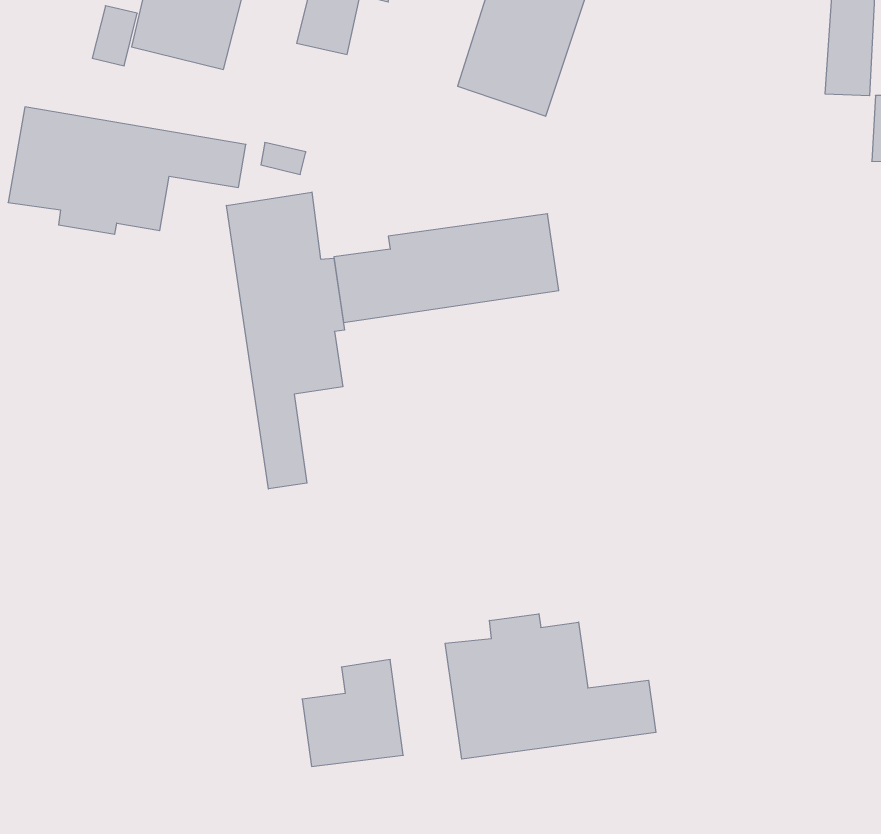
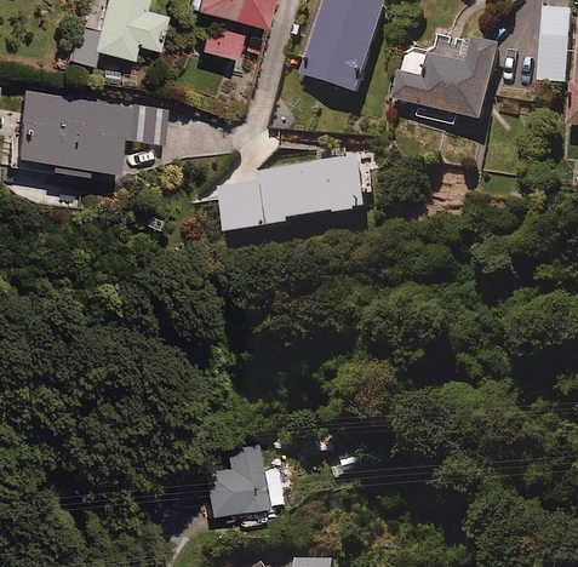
building: none -> [390,36,499,125]
building: [226,192,344,489] -> none
building: [445,614,656,759] -> none

